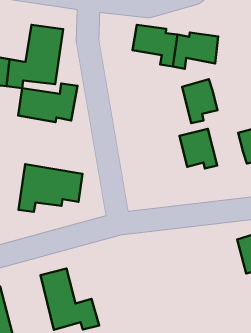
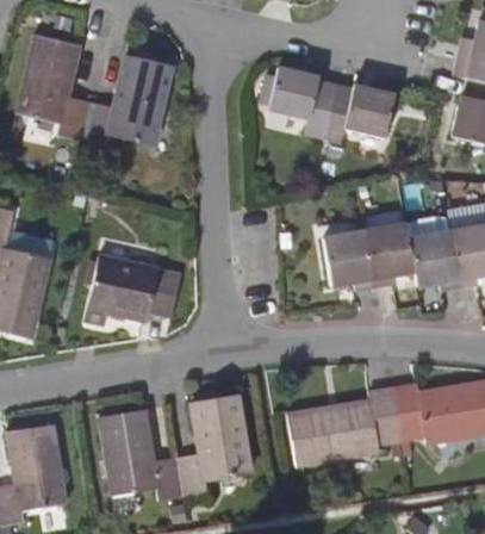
building: [182,79,217,123] -> [366,221,414,281]
building: [18,84,77,122] -> none
building: none -> [291,390,402,465]
building: none -> [176,395,244,495]

